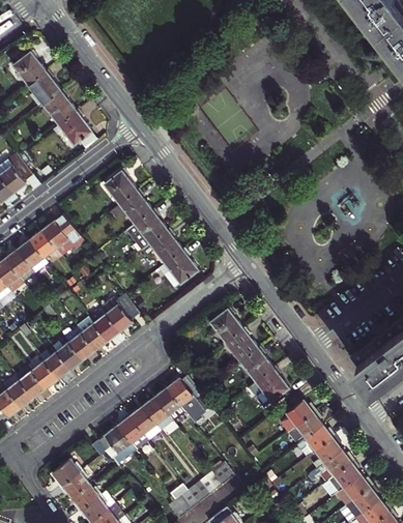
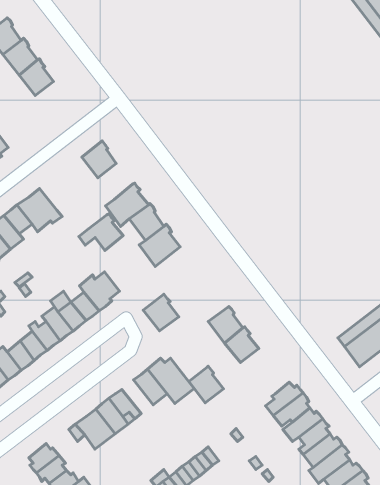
building: [59,111,92,146] -> none
building: [110,191,152,226] -> [79,214,123,251]
building: [209,308,243,343] -> [143,294,179,331]
building: [256,368,289,403] -> [189,366,223,403]
building: [142,399,172,432] -> none

